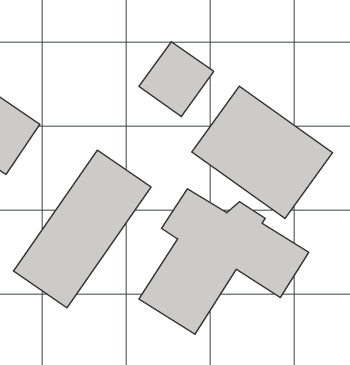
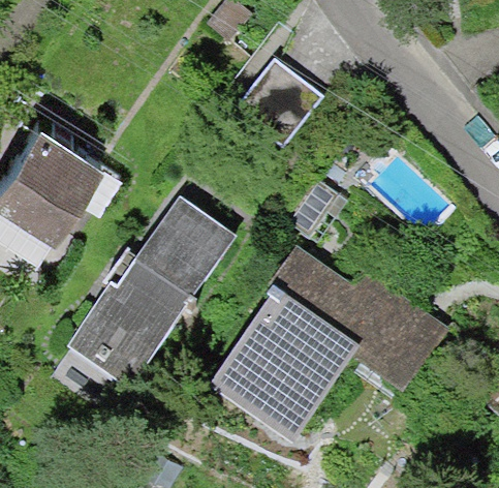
building: [192,86,333,219] -> none

